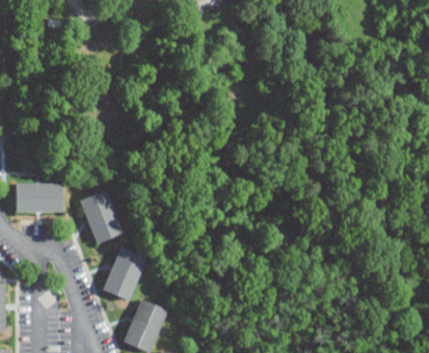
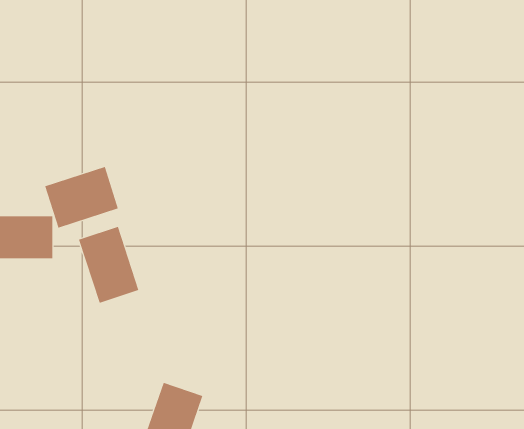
building: none -> [45,166,119,229]
building: [102,246,148,301] -> none

